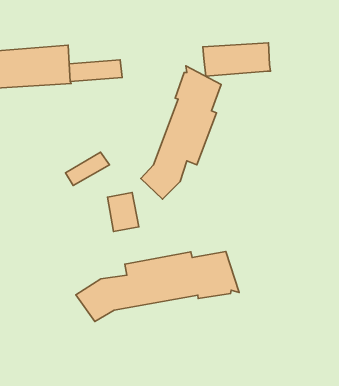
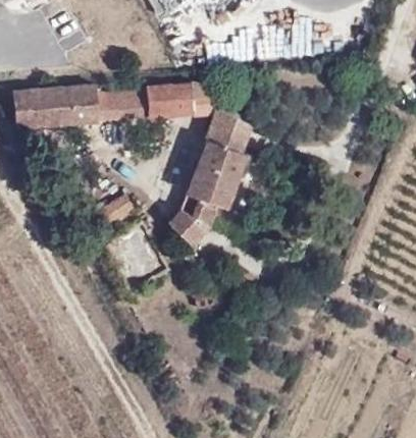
building: [203,43,270,76] -> [146,83,216,117]
building: [76,252,239,321] -> none

